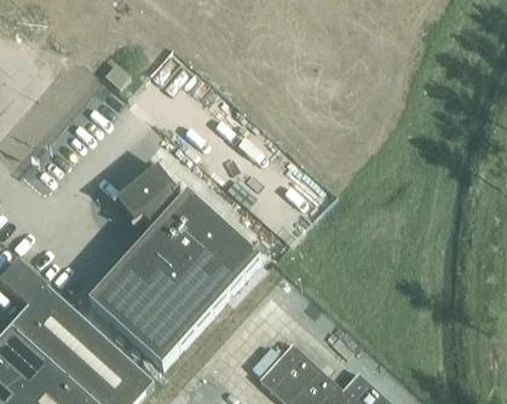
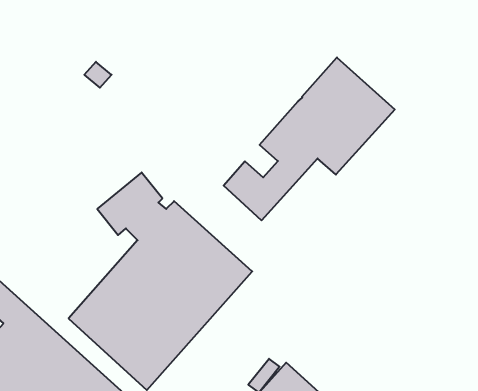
building: none -> [224,57,395,220]

